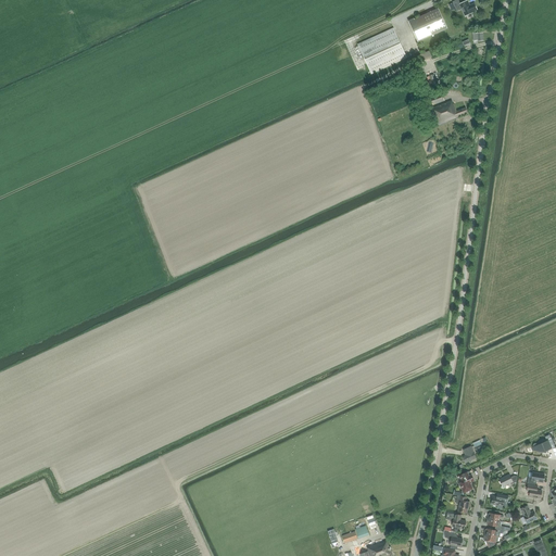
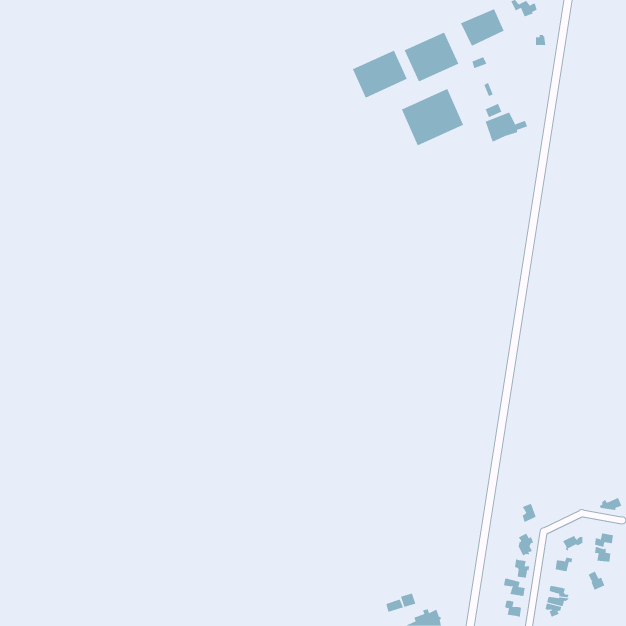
building: none -> [352,50,407,98]
building: none -> [401,88,464,146]

